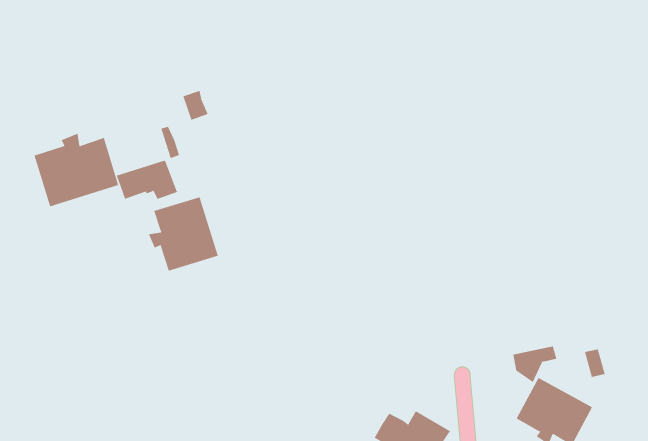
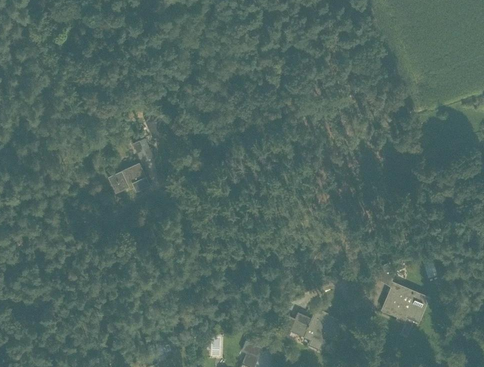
building: [34,133,119,207] -> none
building: [148,196,219,272] -> none

